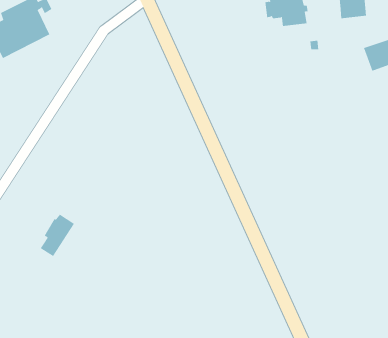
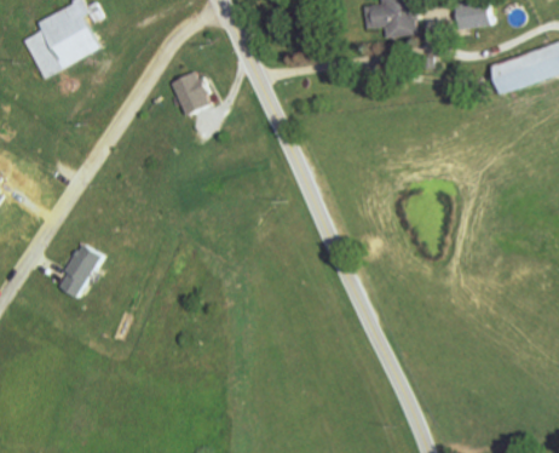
building: none -> [172,73,211,116]
building: [40,214,75,257] -> [58,245,102,298]

